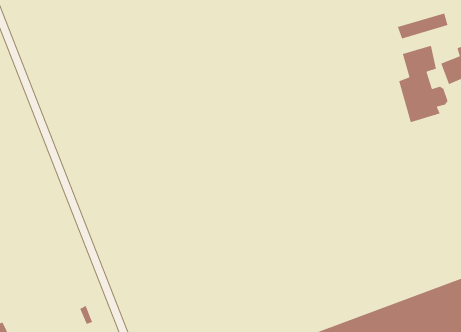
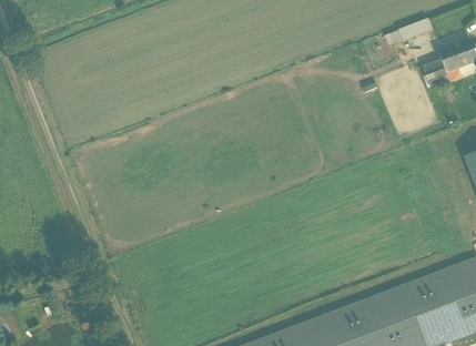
building: [398,45,448,123] -> none

